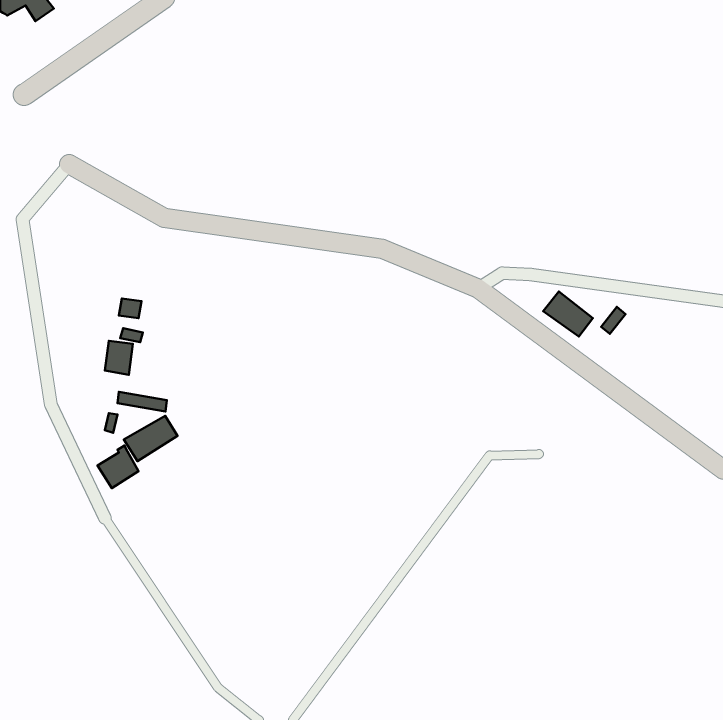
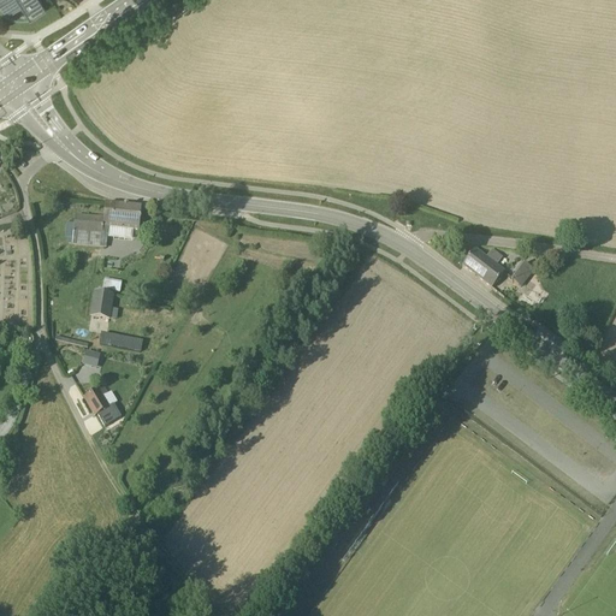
building: none -> [73,202,141,245]
building: [124,416,177,461] -> none

